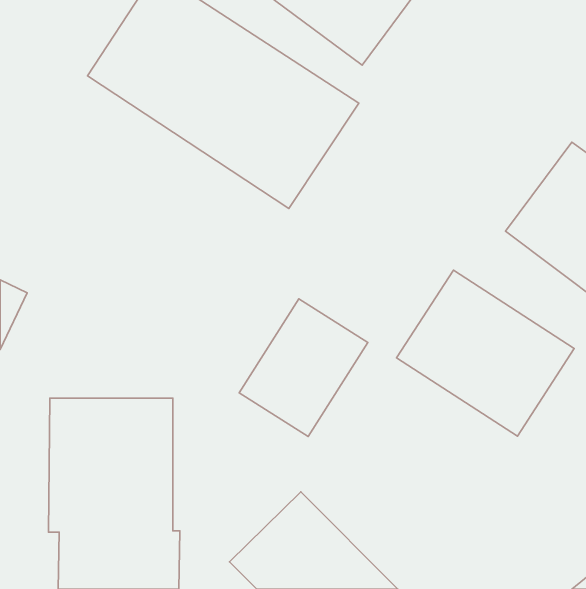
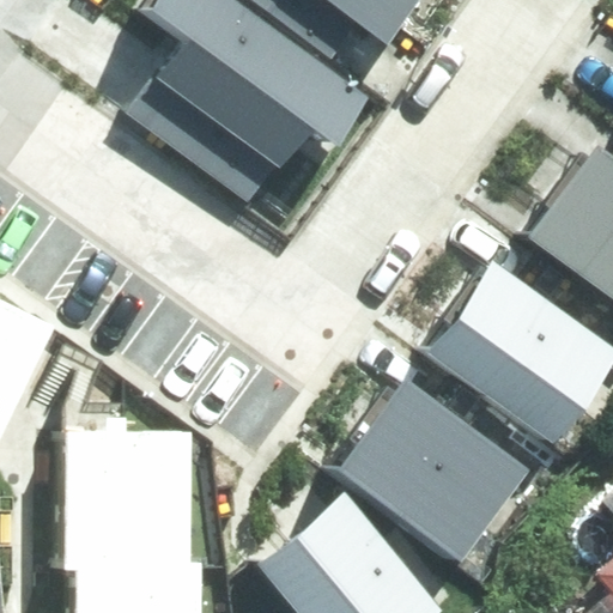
building: [239,299,368,437] -> none
building: none -> [340,389,524,560]

